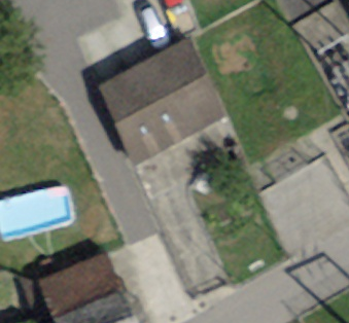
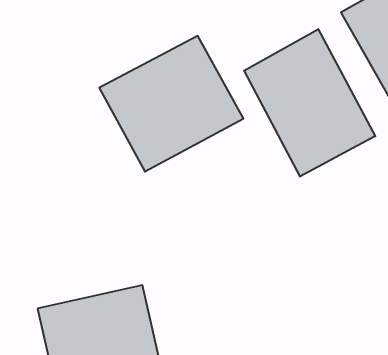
building: none -> [244,29,375,177]

